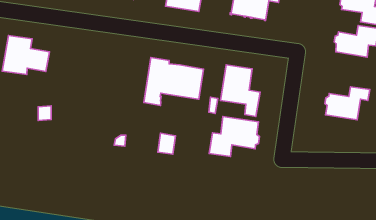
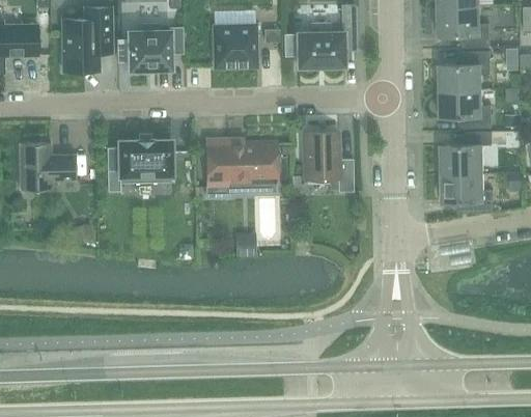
building: none -> [108,139,171,180]
building: none -> [437,89,491,128]
building: none -> [438,171,493,212]
building: [209,117,259,156] -> none

